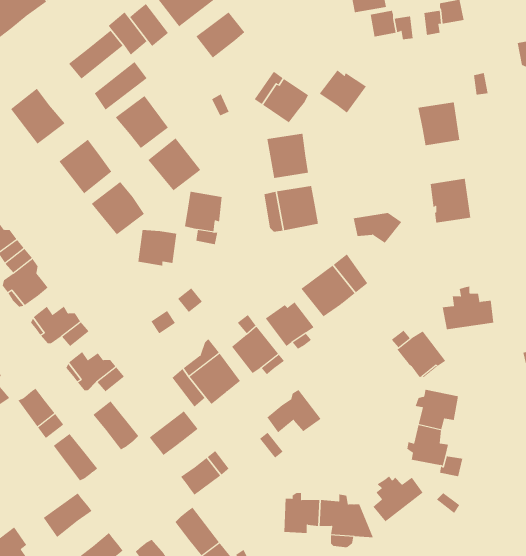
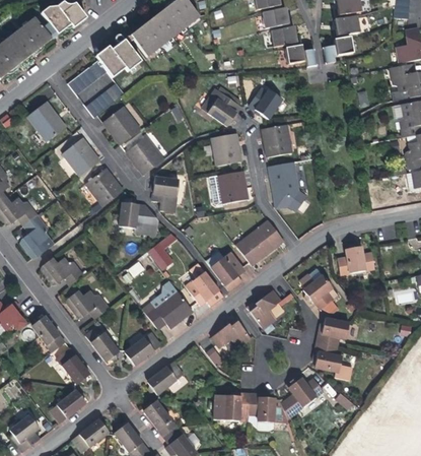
building: [196,11,245,59] -> none
building: [418,102,460,146] -> [261,125,291,156]
building: [430,178,471,223] -> [268,161,297,194]
building: none -> [245,290,283,328]

